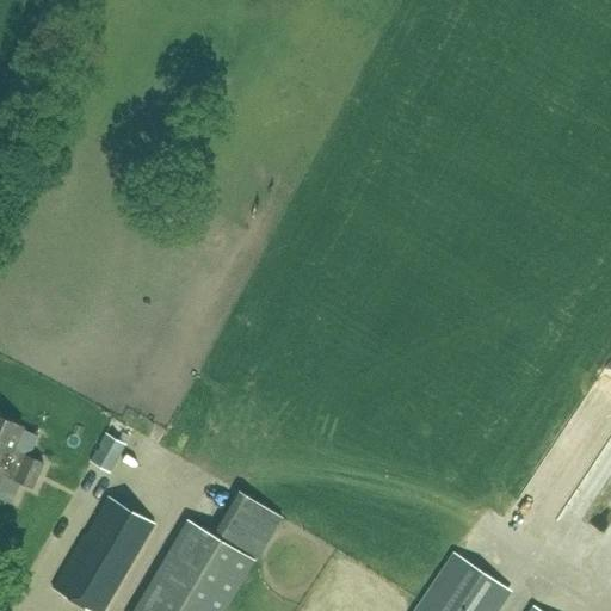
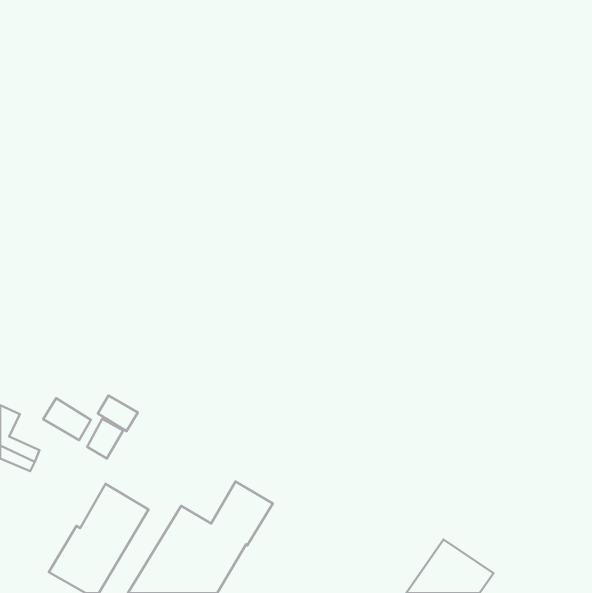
building: none -> [98,395,138,431]
building: none -> [43,398,91,440]

